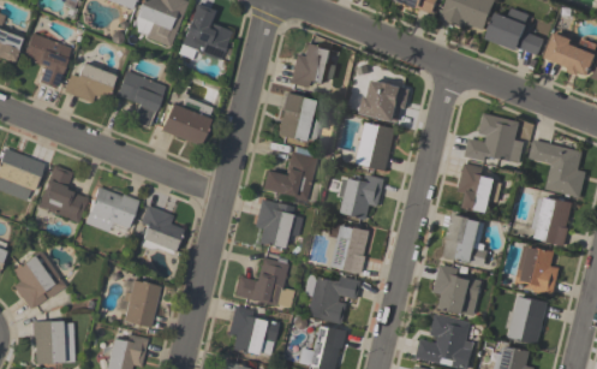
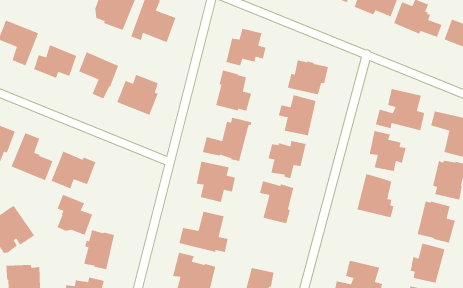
building: [139,204,183,254] -> [56,194,93,236]
building: [432,263,482,316] -> none
building: [304,274,362,323] -> none

